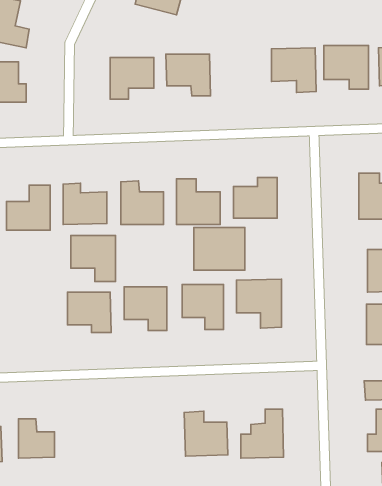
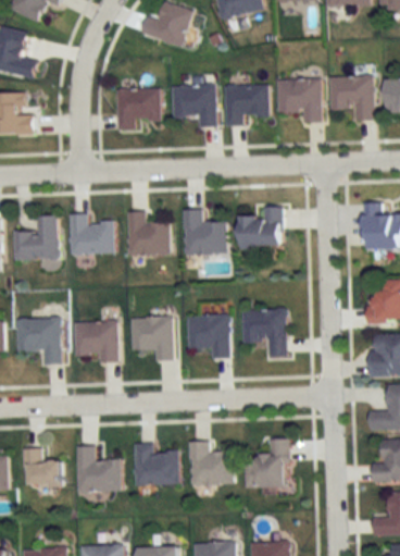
building: none -> [224,85,268,126]
building: [194,227,245,270] -> none
building: [71,236,115,281] -> [16,319,61,365]
building: none -> [135,444,178,485]
building: none -> [77,446,122,492]

